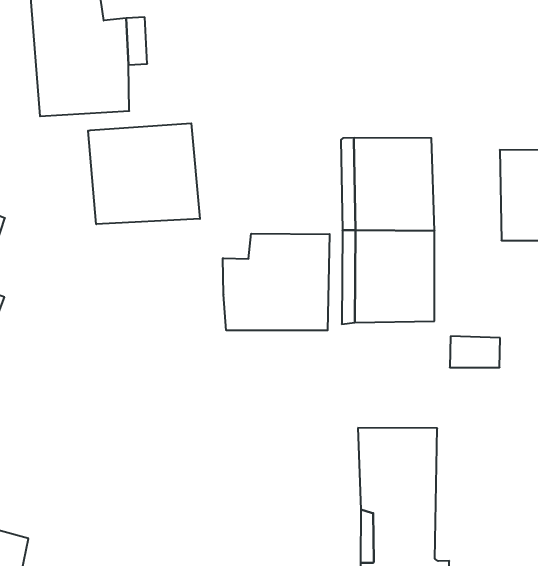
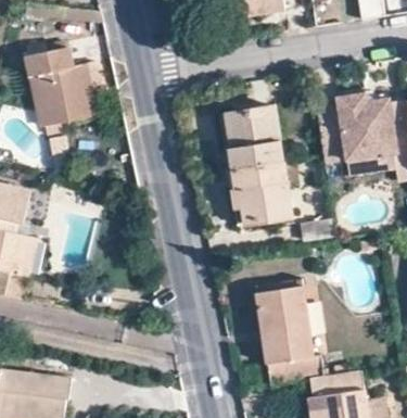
building: [88,123,200,224] -> none
building: [223,234,330,330] -> none

